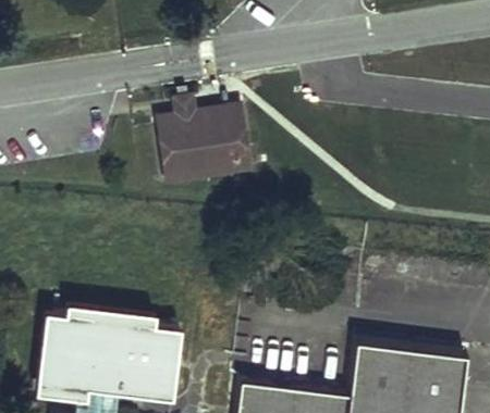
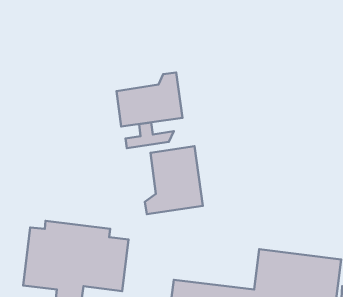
building: [163,98,229,133] -> [125,122,174,148]
building: none -> [145,146,203,214]

